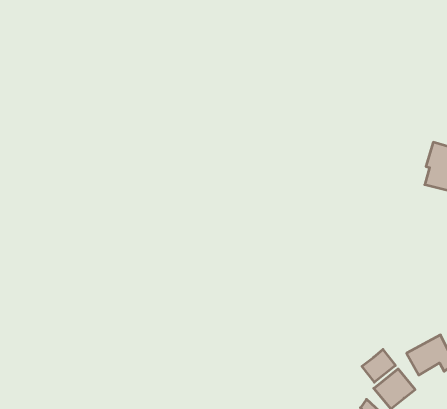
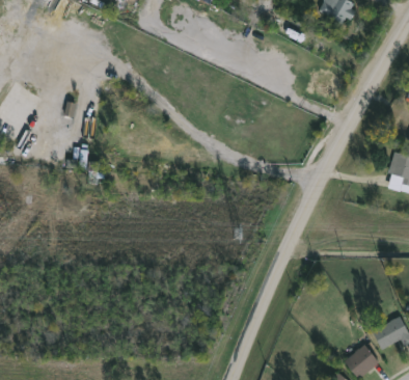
building: [362,349,395,382] -> none

